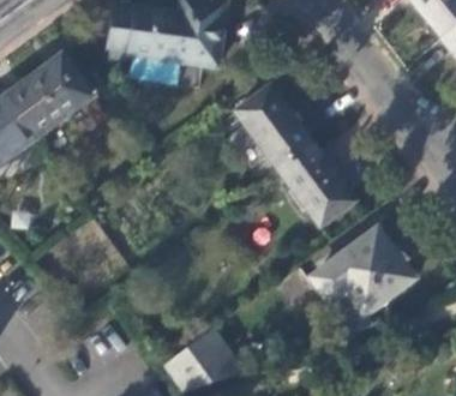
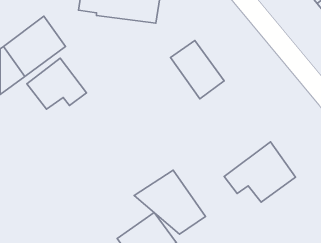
building: none -> [27,58,86,109]
building: [278,145,354,227] -> none
building: none -> [134,170,205,234]

